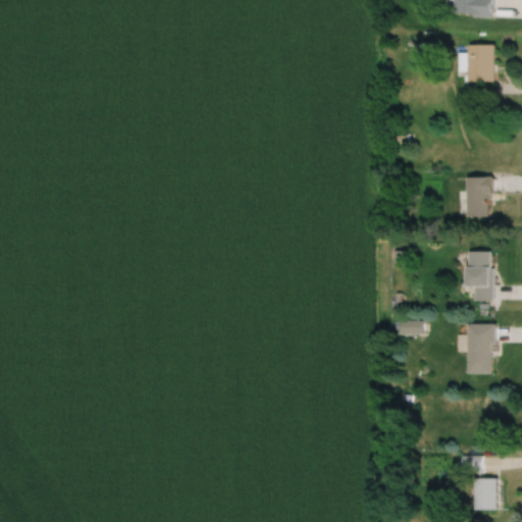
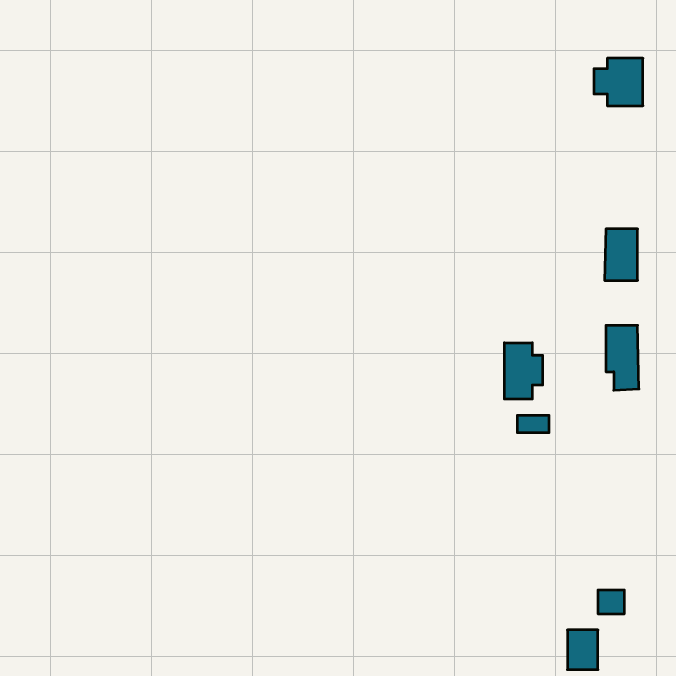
building: none -> [504,343,543,399]
building: [468,324,493,373] -> none
building: [474,478,498,509] -> [567,630,598,670]

